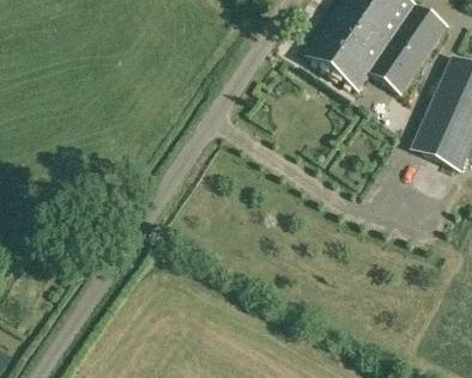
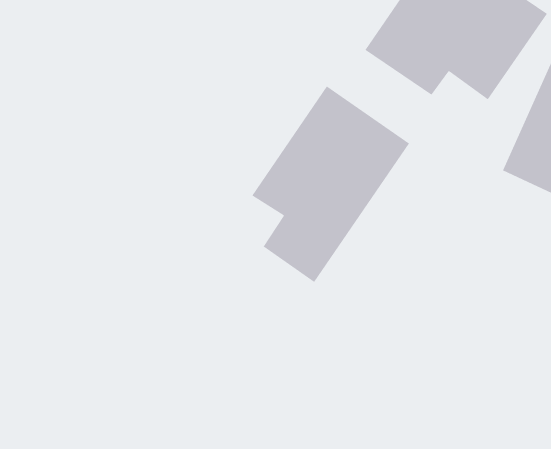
building: none -> [252,86,410,283]

